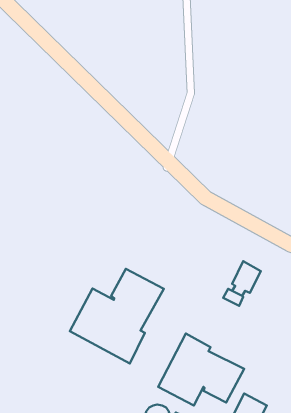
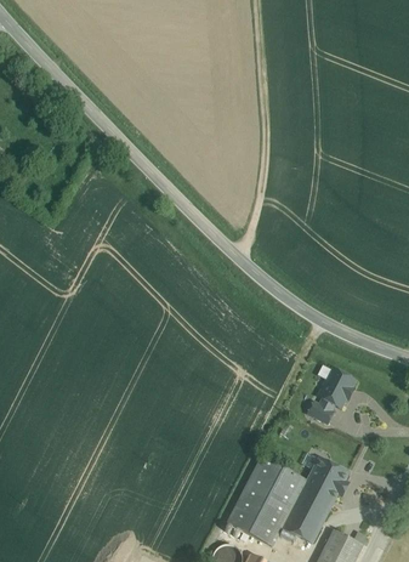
building: [70,269,164,363] -> none
building: none -> [291,459,348,500]

